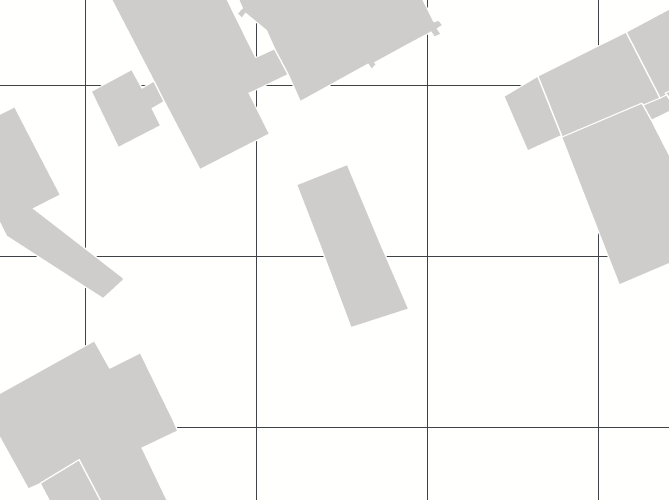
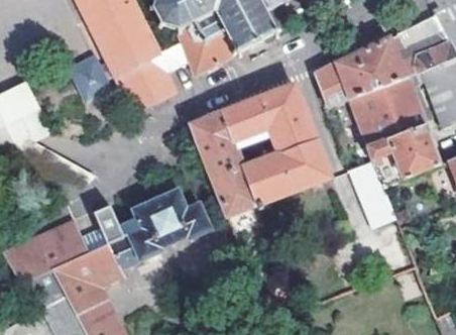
building: none -> [223,87,332,201]
building: none -> [350,161,394,225]
building: none -> [92,184,209,266]

